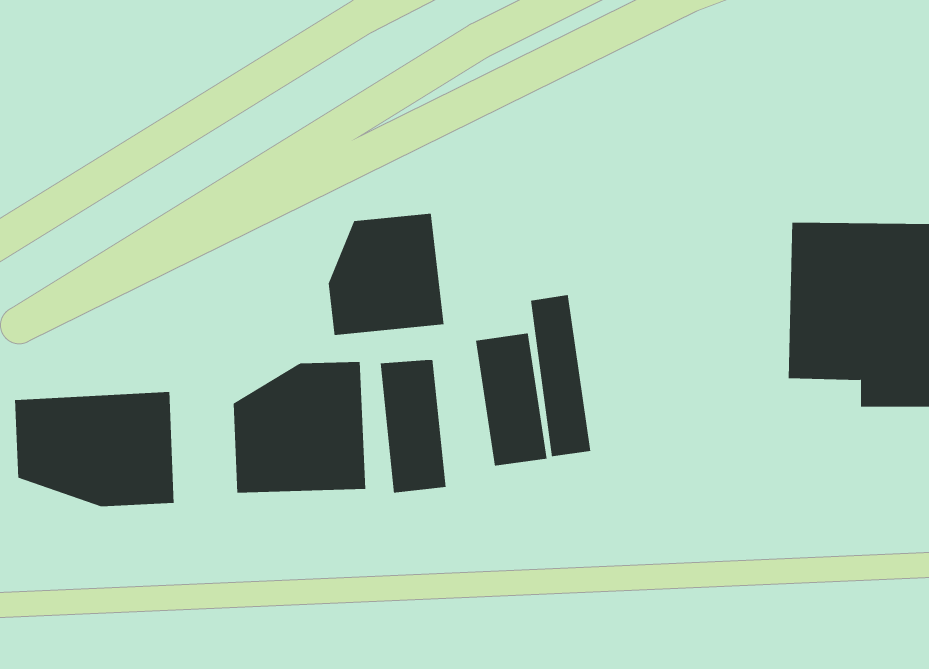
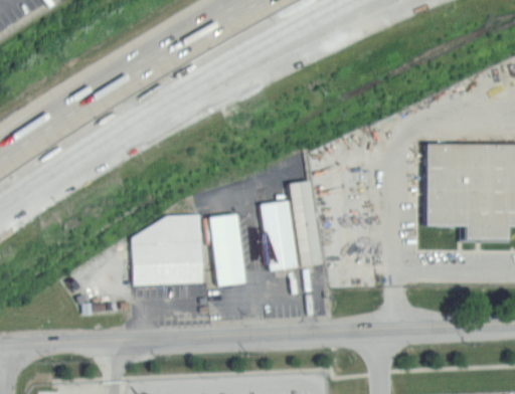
building: [328,213,444,336] -> none
building: [14,391,174,507] -> none

